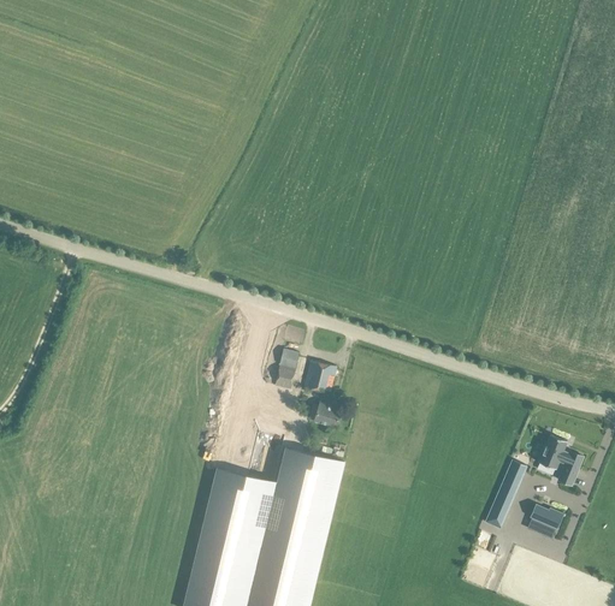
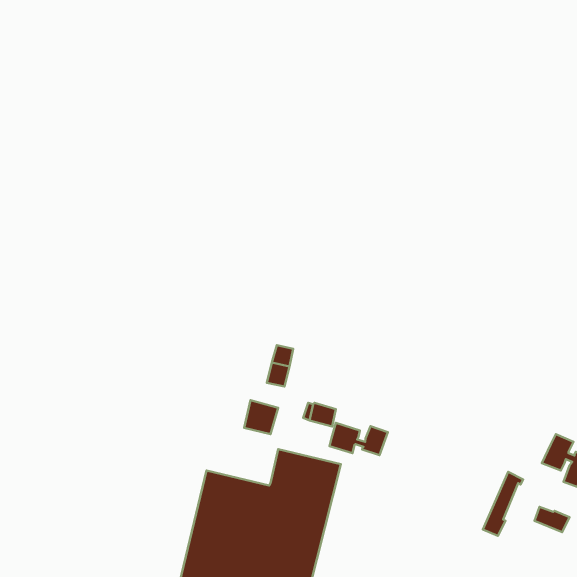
building: [304,360,337,392] -> [244,400,278,434]
building: none -> [330,423,388,455]

